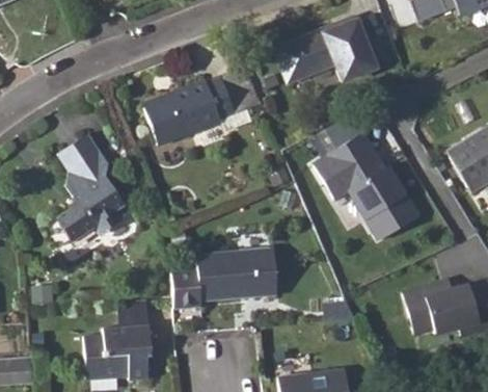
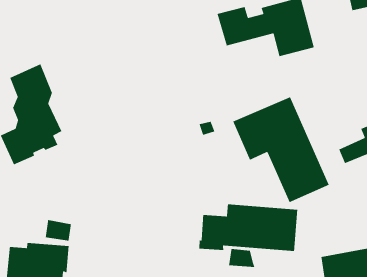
building: [144,78,235,145] -> none
building: [171,247,277,307] -> [198,204,298,252]

